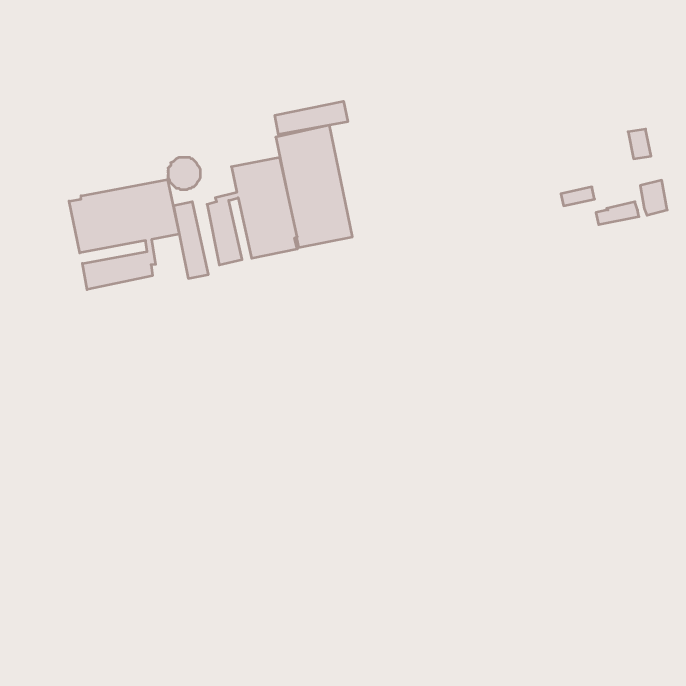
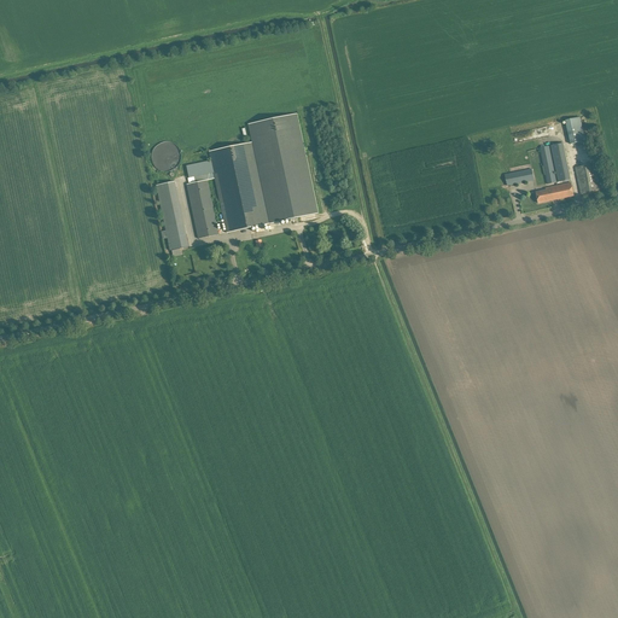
building: [275,101,348,135] -> none
building: none -> [540,142,569,183]
building: [69,179,179,290] -> none

